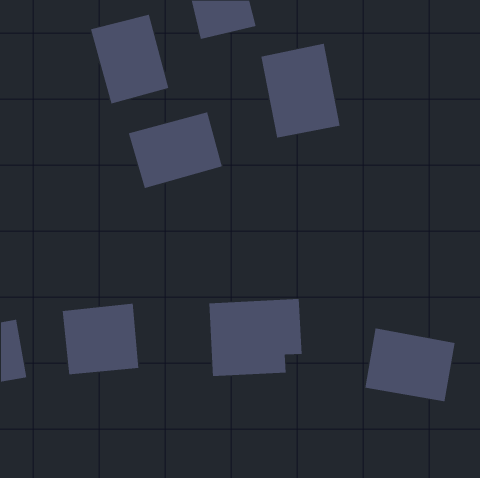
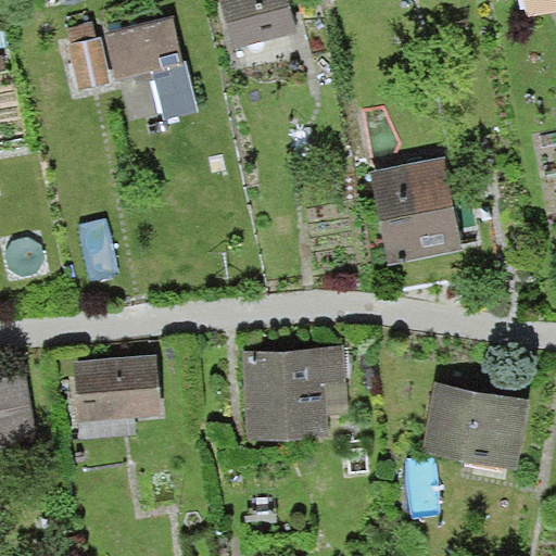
building: [261,43,340,138] -> [369,155,462,265]
building: [128,111,223,189] -> none

